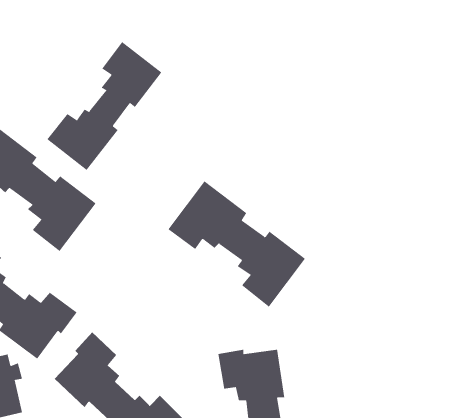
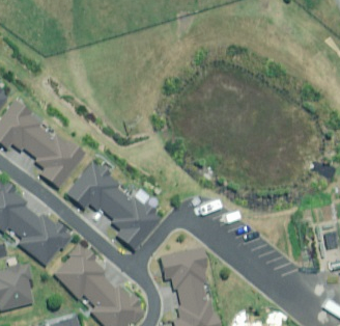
building: [47,41,162,171] -> none
building: [167,181,306,307] -> [70,166,168,255]

